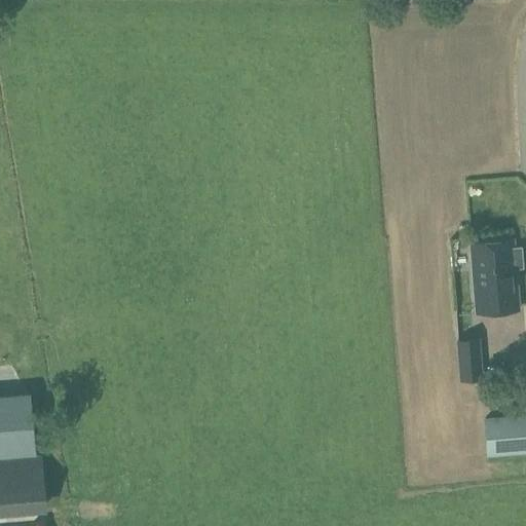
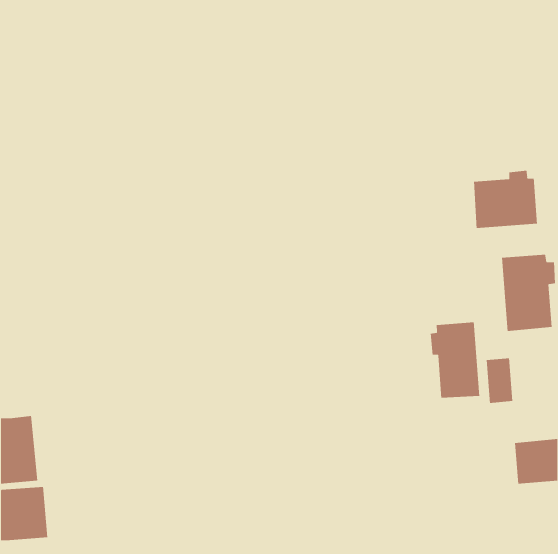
building: none -> [474,170,538,229]
building: none -> [430,322,480,398]

